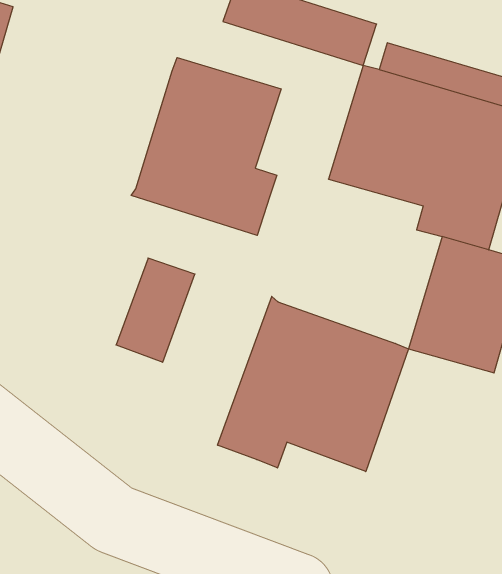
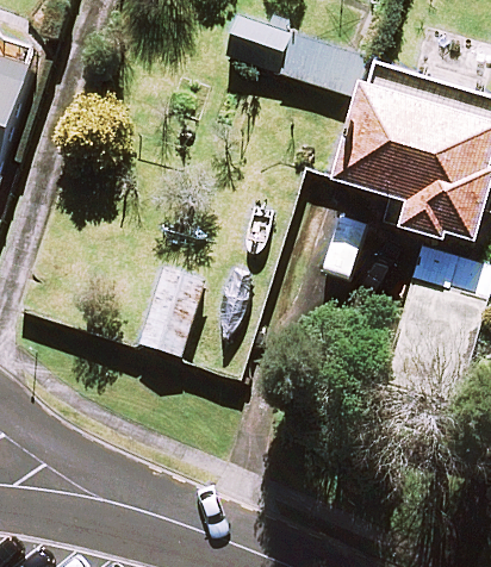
building: [131,58,281,235] -> none
building: [218,296,409,472] -> none

